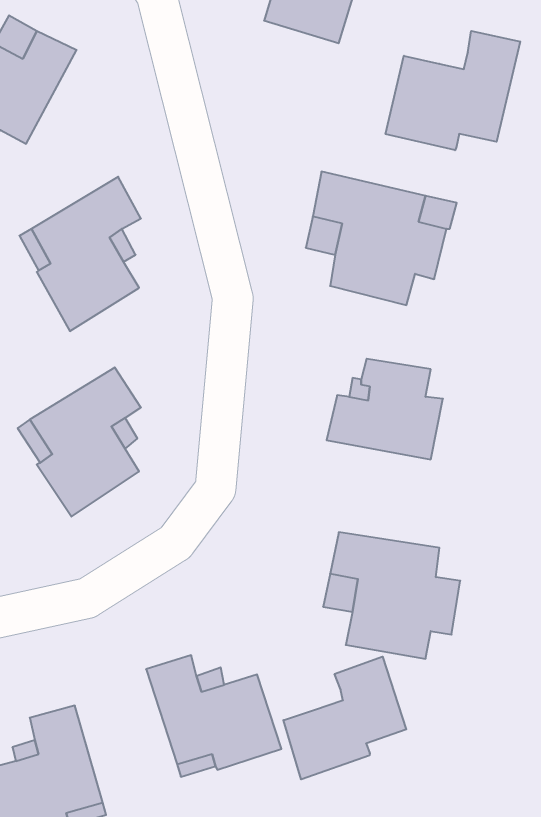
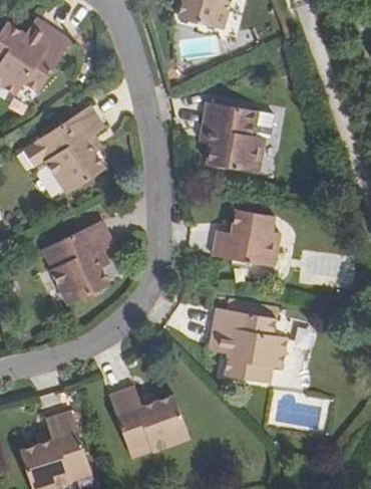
building: [386,31,520,150] -> none
building: [283,657,406,779] -> none

